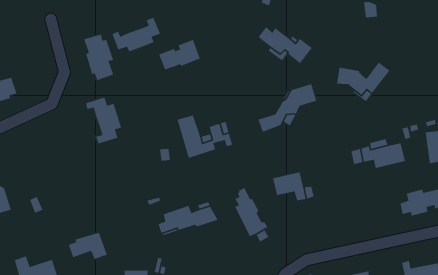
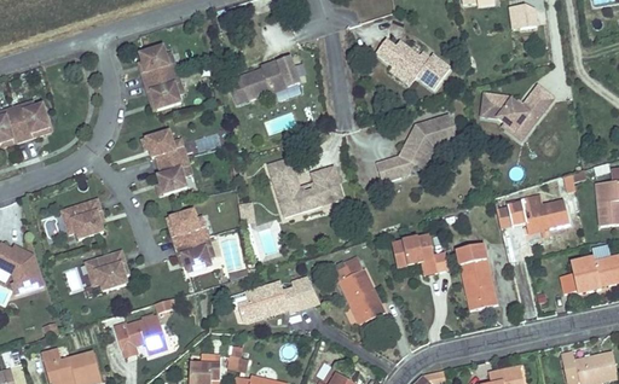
building: [111,17,161,53] -> none
building: none -> [58,200,100,240]
building: none -> [166,211,210,274]
building: none -> [455,240,494,309]
building: none -> [82,252,125,291]

